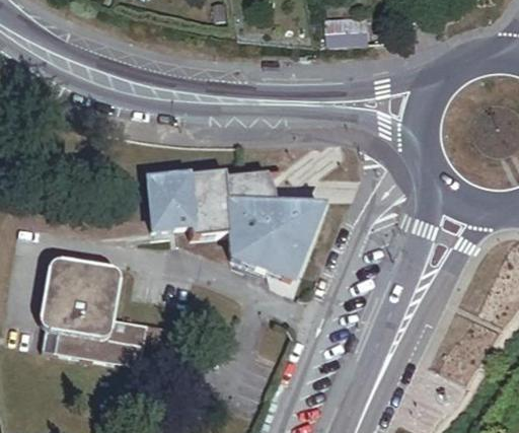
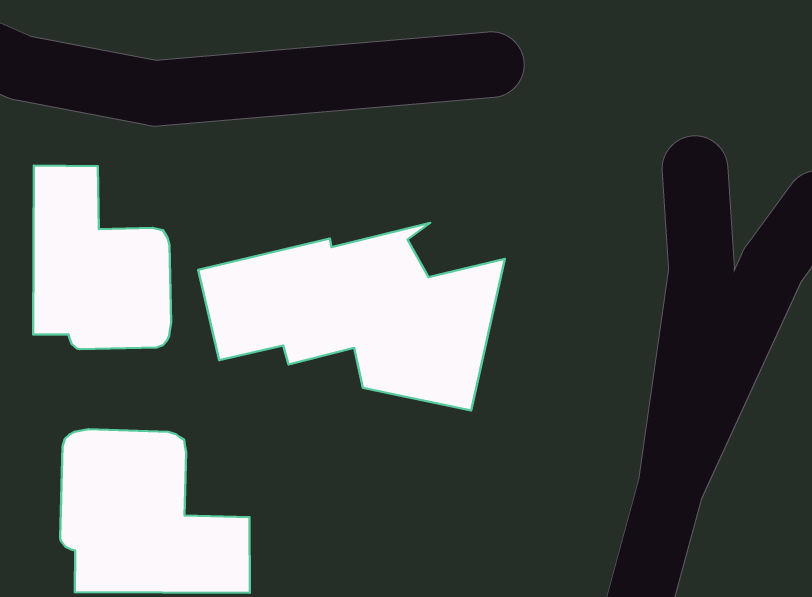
building: none -> [33,165,171,349]

